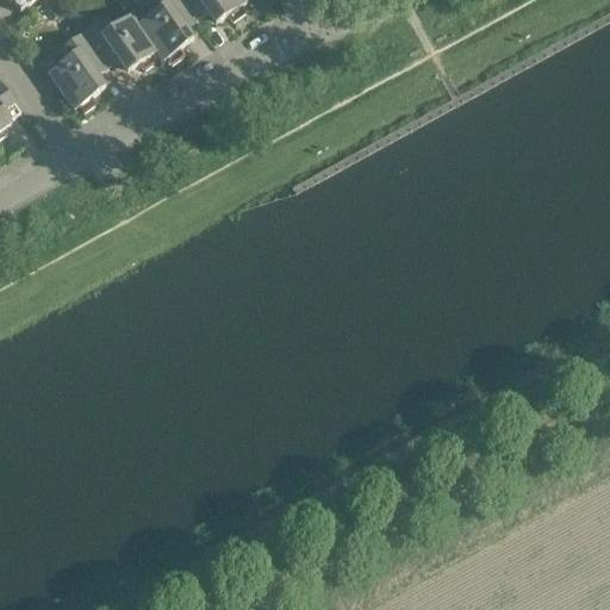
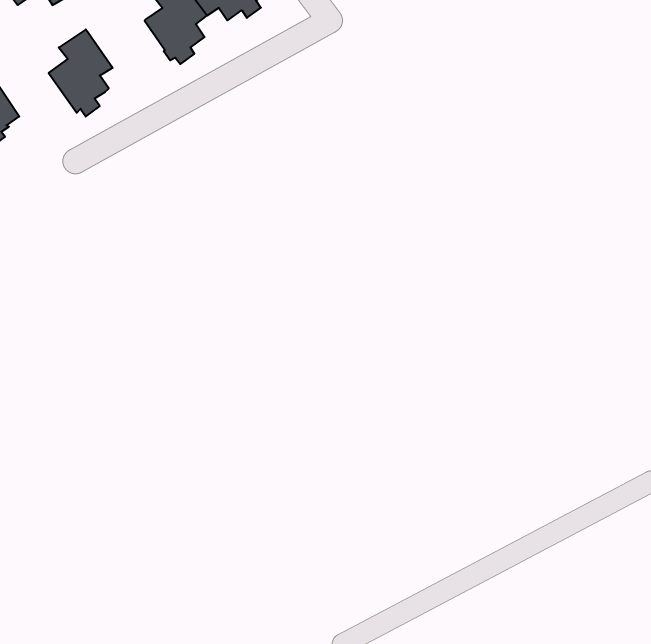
building: [80,8,155,68] -> none

